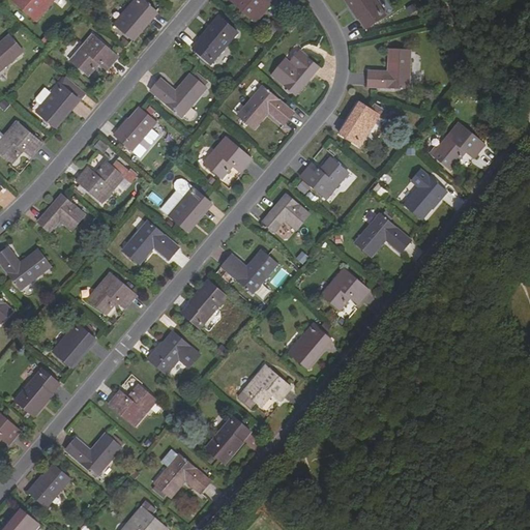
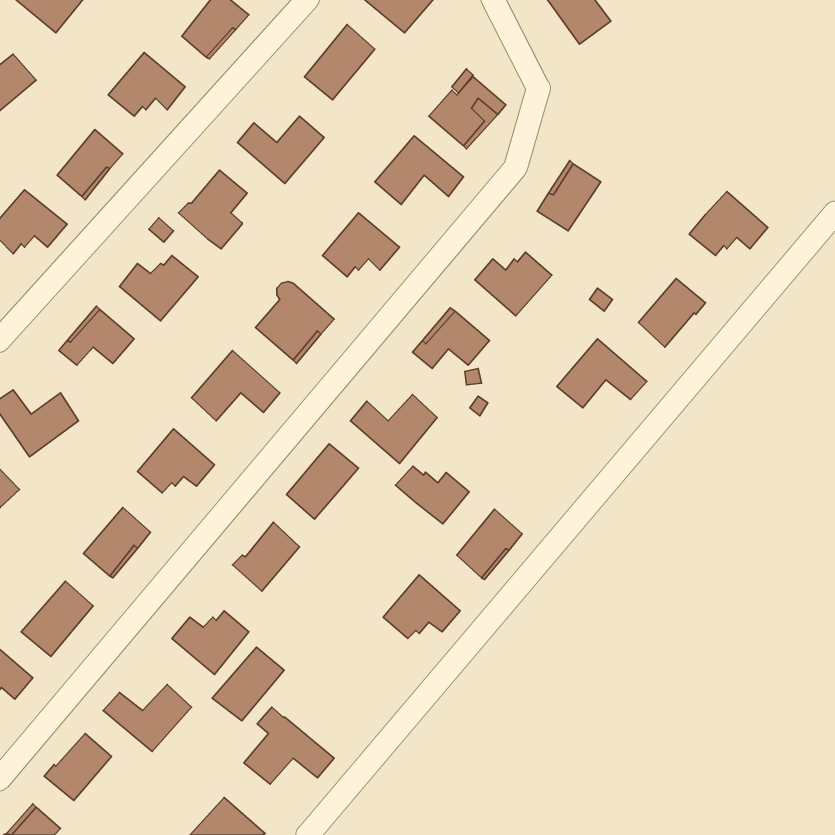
building: [367,50,410,89] -> none
building: [321,267,370,307] -> none
building: none -> [396,466,469,524]
building: [205,415,251,462] -> [212,647,284,721]

